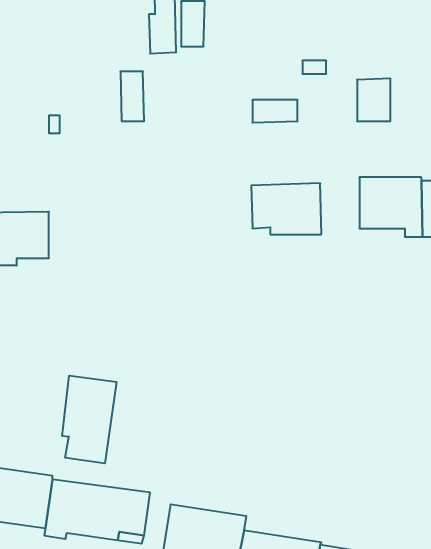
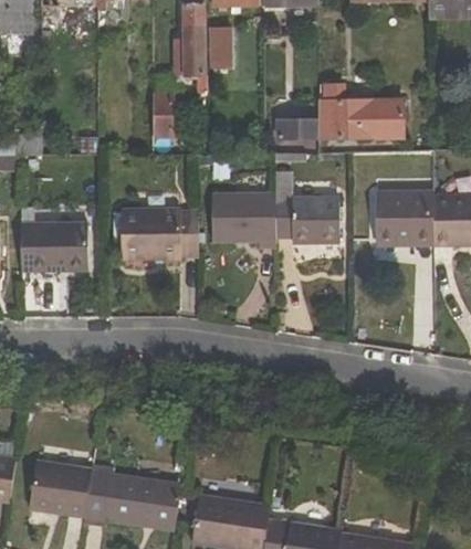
building: none -> [317,99,373,138]
building: none -> [211,192,275,247]
building: none -> [121,207,198,260]
building: [62,376,116,463] -> none

